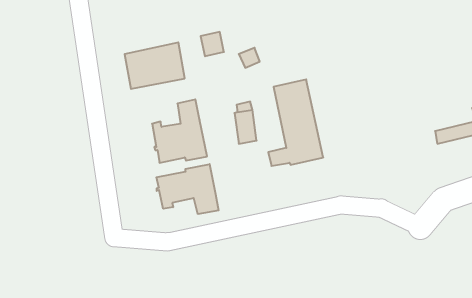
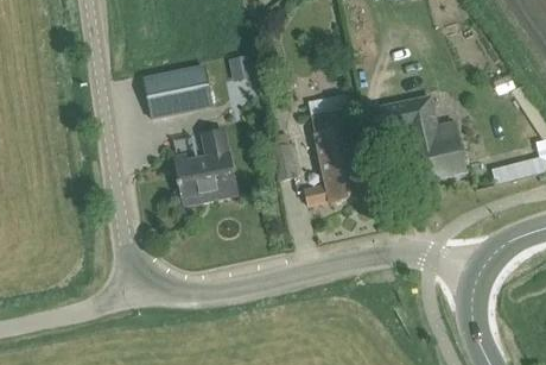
building: none -> [379,94,466,184]
building: [156,164,219,214] -> none

